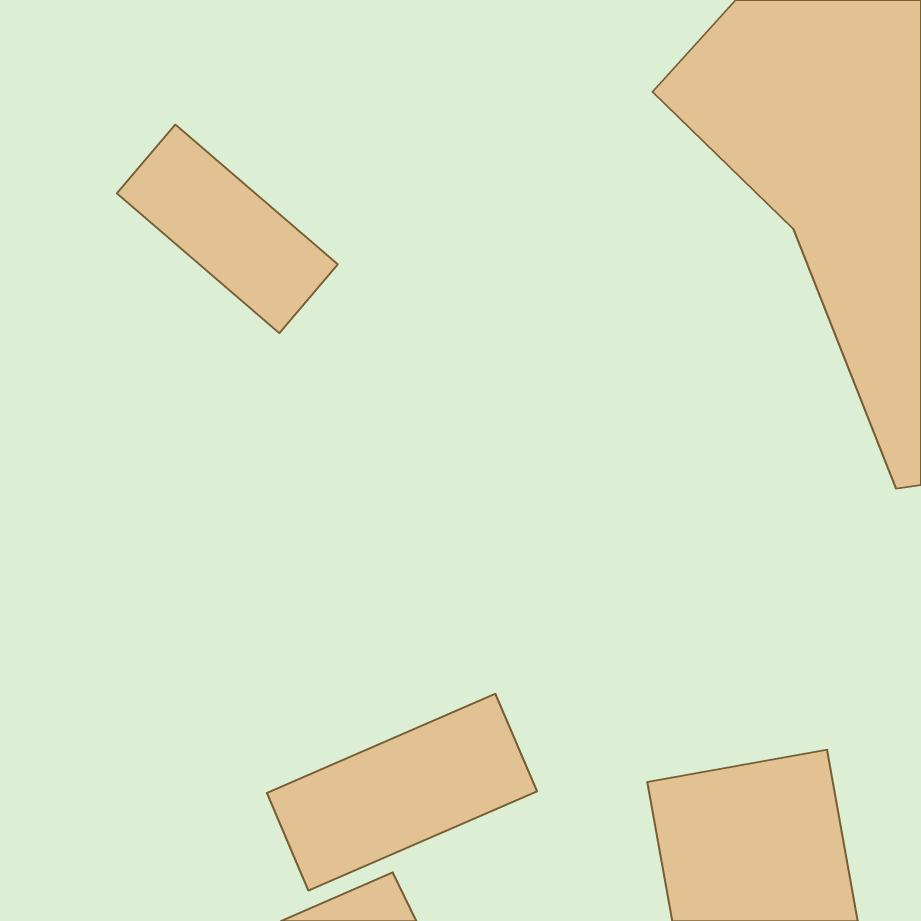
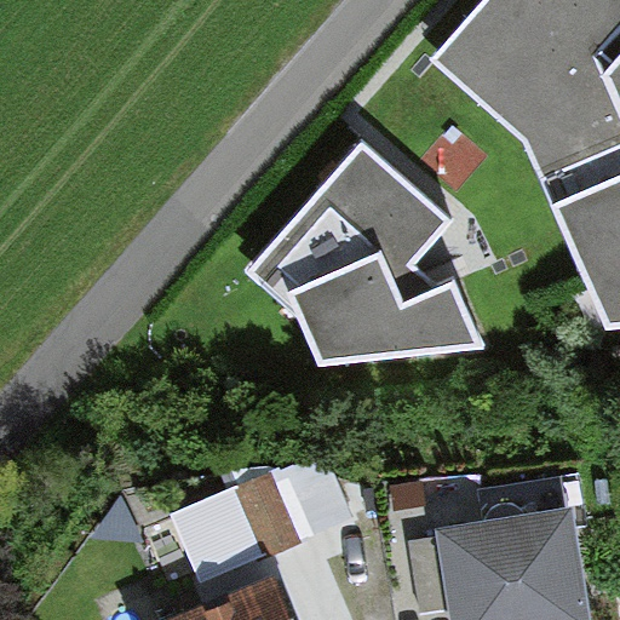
building: [117,125,338,333] -> none
building: none -> [251,139,480,361]

